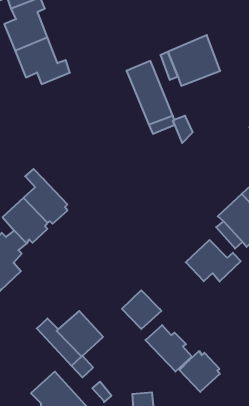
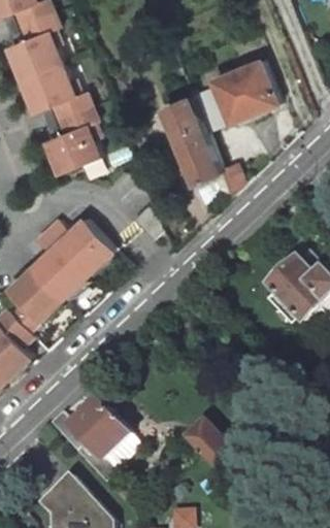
building: none -> [47,108,100,175]
building: none -> [45,217,113,273]
building: [186,240,241,282] -> none
building: [122,290,161,329] -> none
building: [180,351,220,392] -> none

